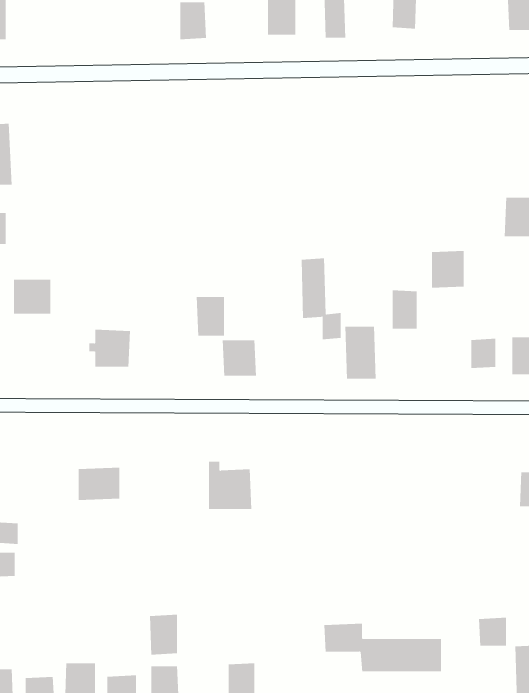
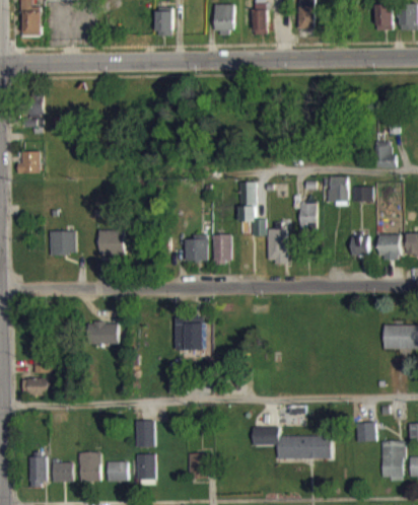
building: [13,279,51,314] -> [51,231,76,255]
building: [196,297,225,336] -> [212,234,231,261]

